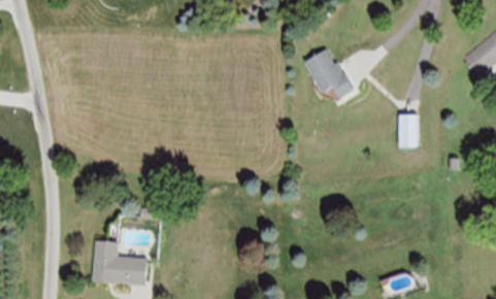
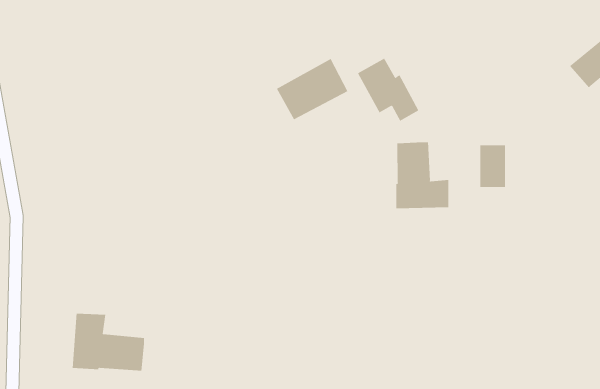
building: none -> [276,58,348,120]
building: none -> [396,142,449,209]

